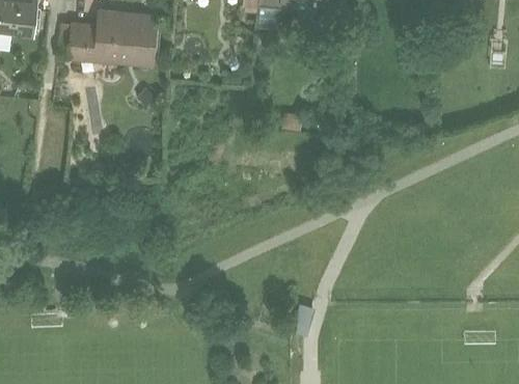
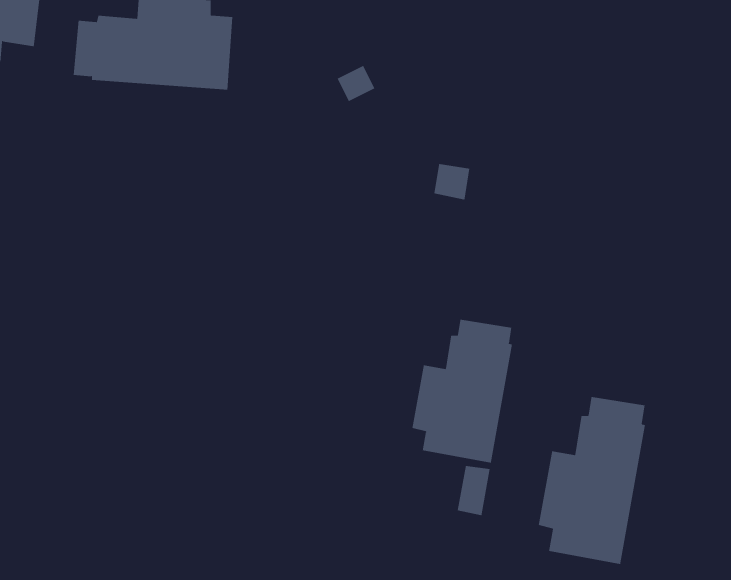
building: none -> [412,319,512,463]
building: none -> [538,396,645,565]

